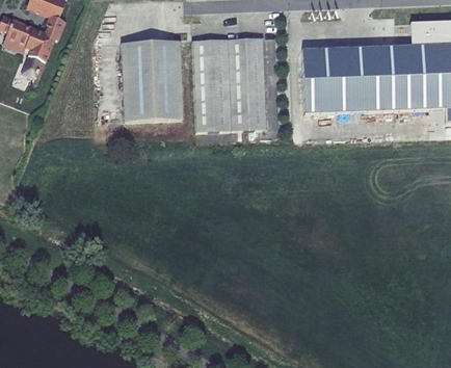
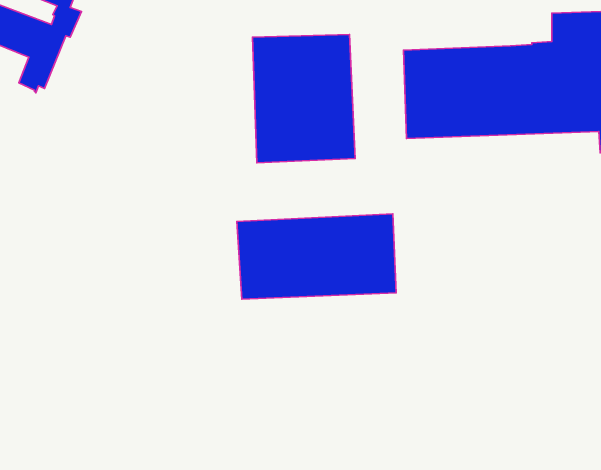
building: [121,41,183,121] -> none
building: none -> [237,214,396,299]

